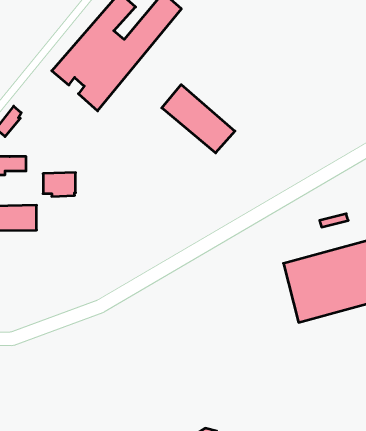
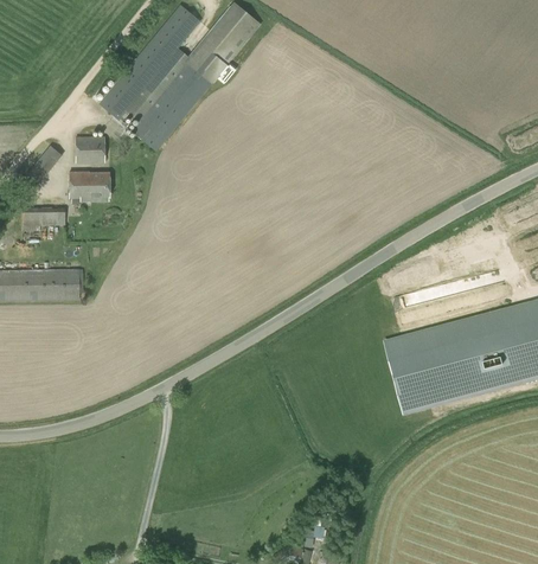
building: [162,85,235,153] -> none
building: none -> [75,136,104,162]
building: [43,173,76,196] -> [69,172,109,201]

